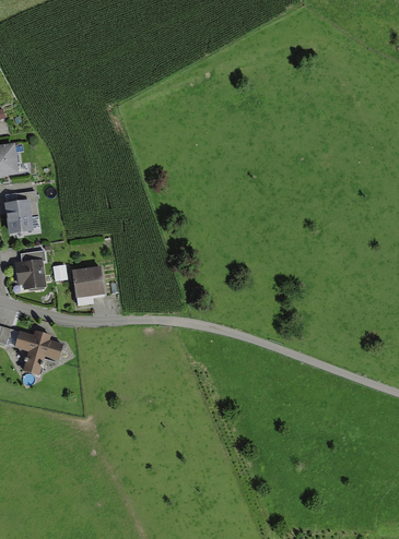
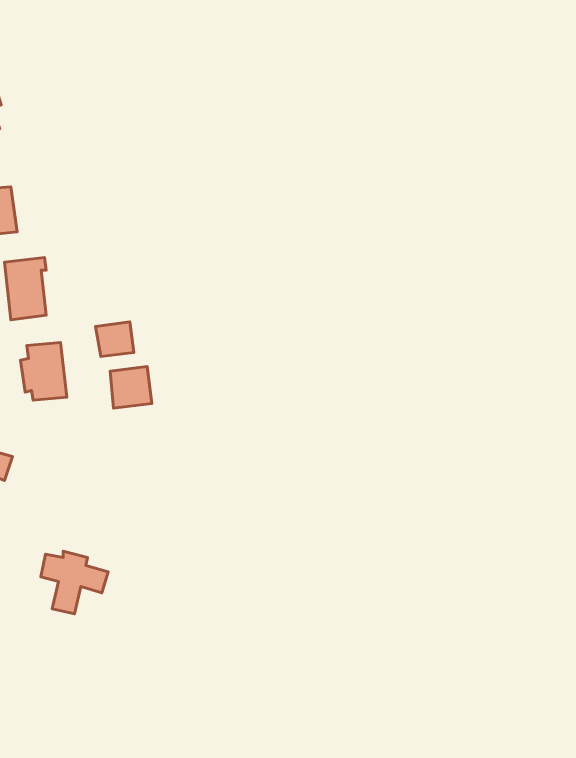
building: none -> [96,322,134,357]
building: [20,330,66,372] -> [41,551,108,614]

